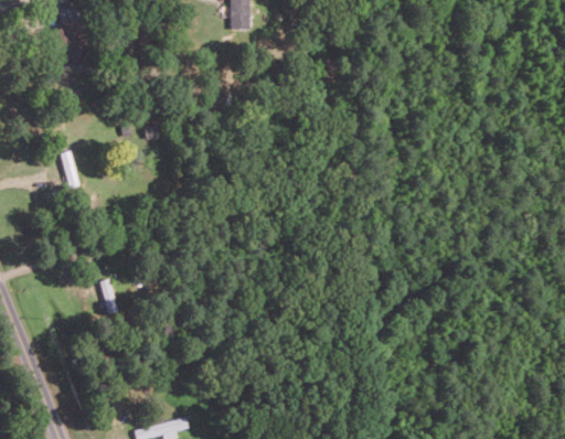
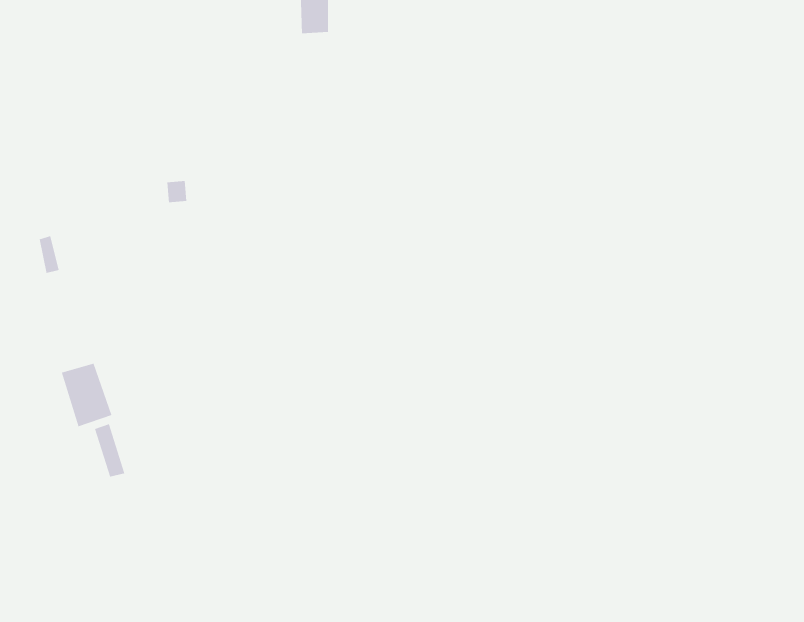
building: none -> [61,363,112,427]

